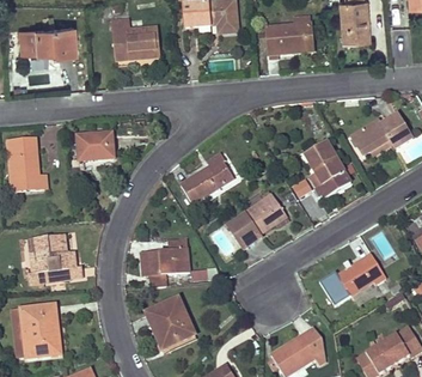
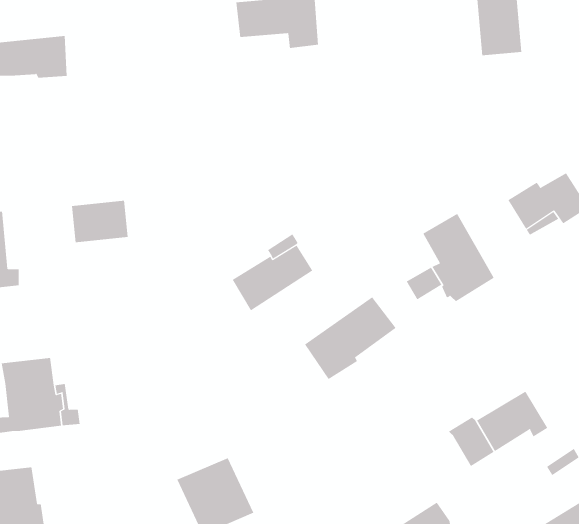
building: [110,18,159,60] -> none
building: [265,23,313,59] -> none
building: [140,239,189,286] -> none

